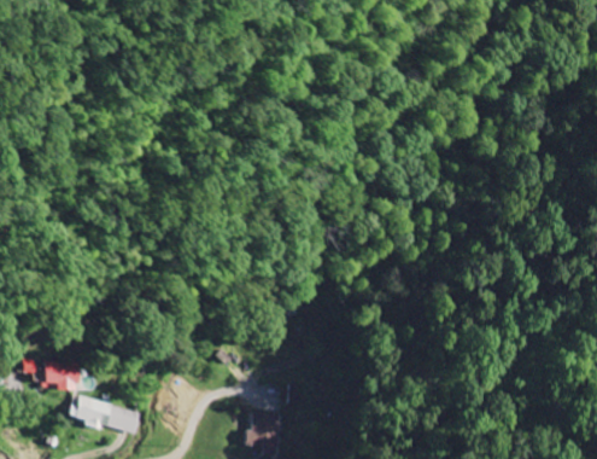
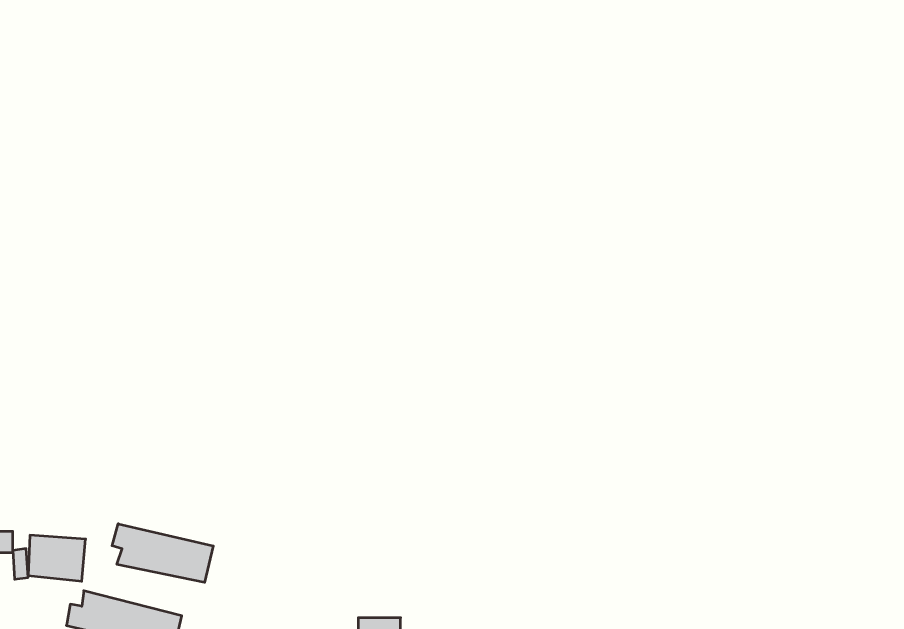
building: none -> [112,524,213,582]

